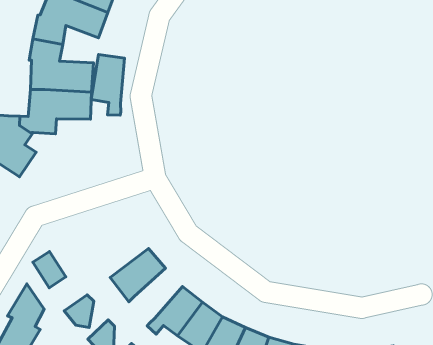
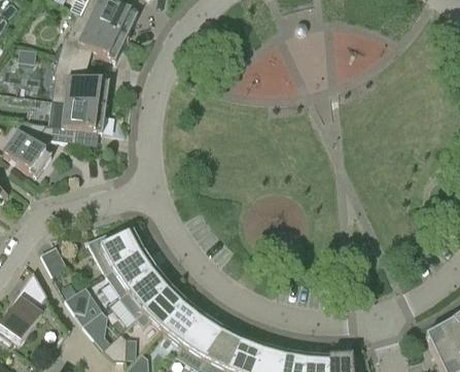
building: [91,55,124,115] -> none
building: none -> [87,230,143,272]
building: none -> [121,268,170,315]

